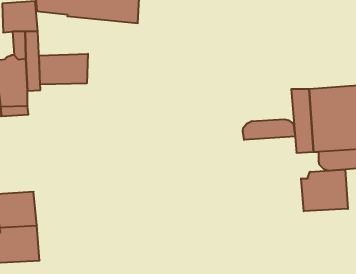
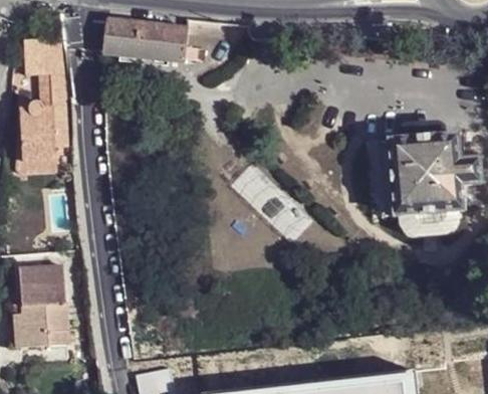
building: [39,54,88,84] -> none
building: [243,119,295,140] -> none
building: [301,170,348,211] -> none

